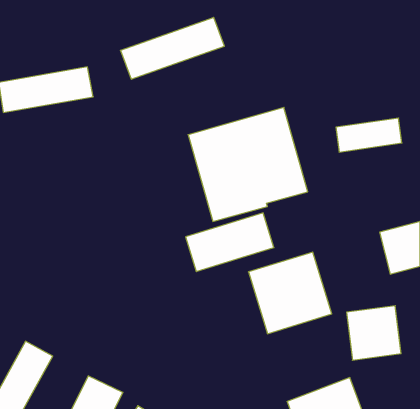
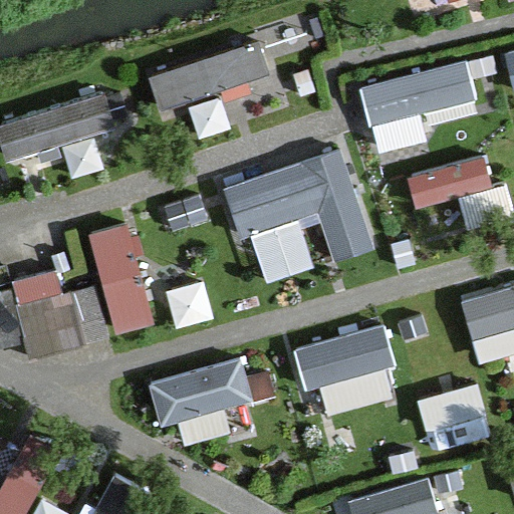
building: none -> [362,60,478,152]
building: none -> [84,221,161,337]
building: none -> [10,261,95,360]
building: [186,213,274,272] -> [148,354,255,426]

